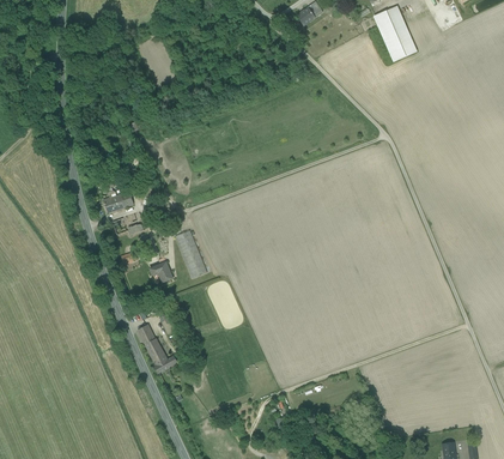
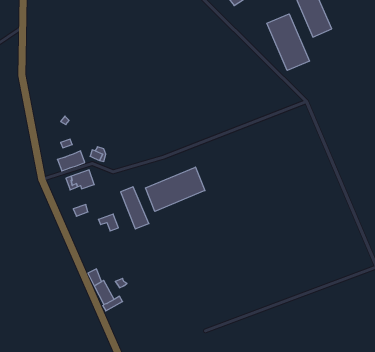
building: none -> [267,14,310,70]
building: none -> [145,167,205,211]

